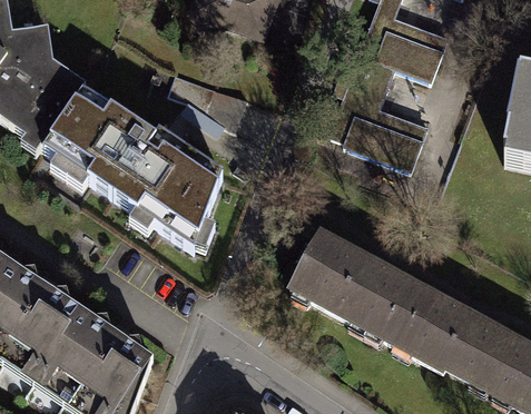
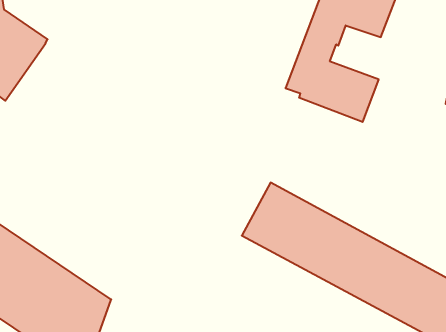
building: [38,86,220,245] -> none

